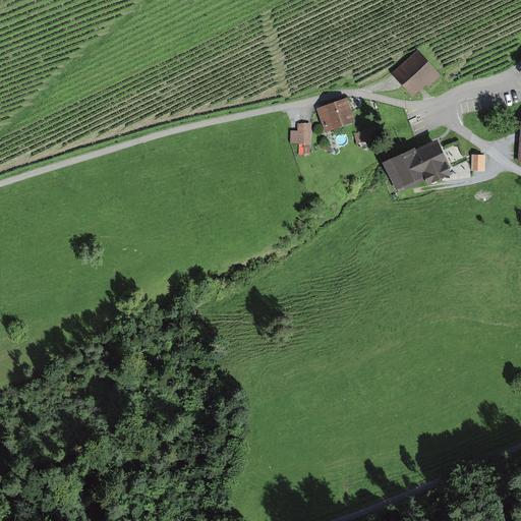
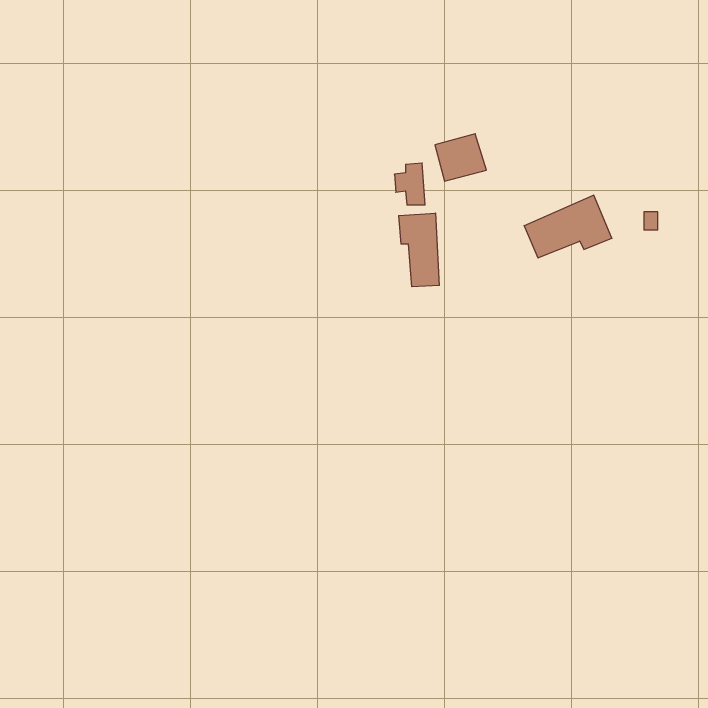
building: [396,51,438,93] -> none
building: none -> [399,213,439,287]

